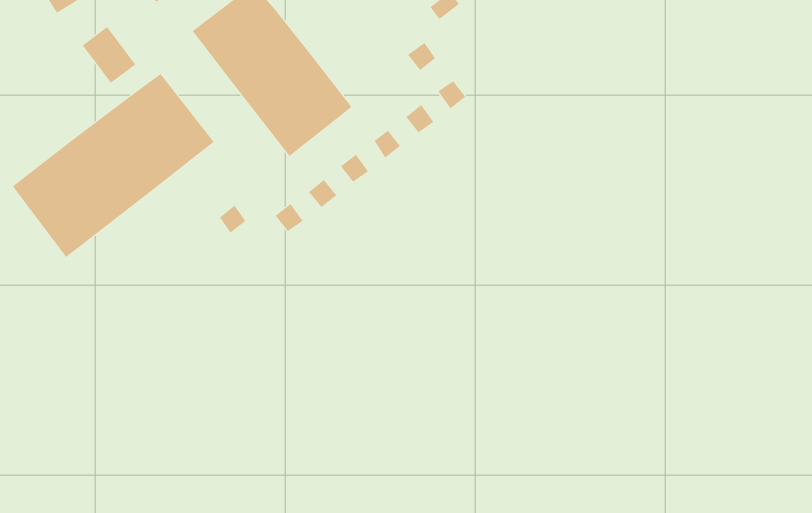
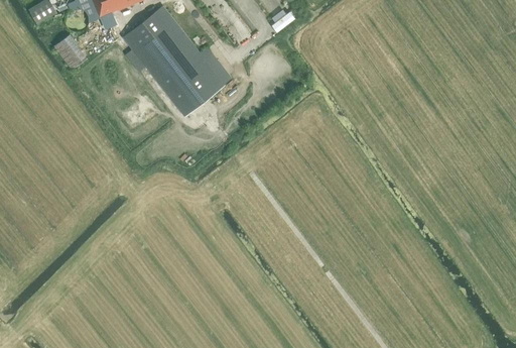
building: [13,73,215,258] -> none

